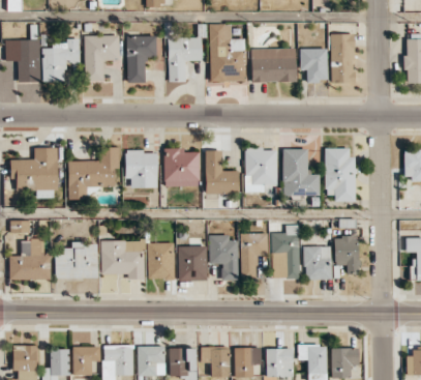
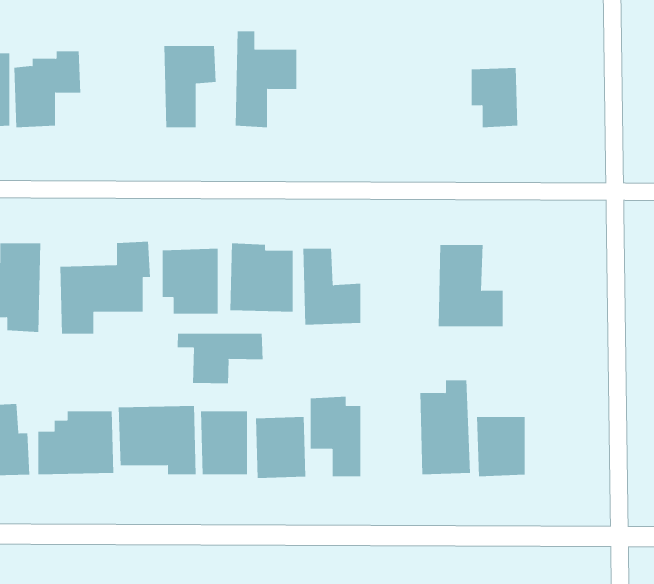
building: [210,24,246,83] -> none
building: [331,34,355,83] -> none
building: [85,35,120,82] -> none
building: [251,48,297,83] -> none
building: [245,148,278,193] -> none
building: [325,148,356,202] -> none
building: none -> [177,333,263,384]
building: [241,233,269,280] -> none
building: [335,237,360,273] -> none

